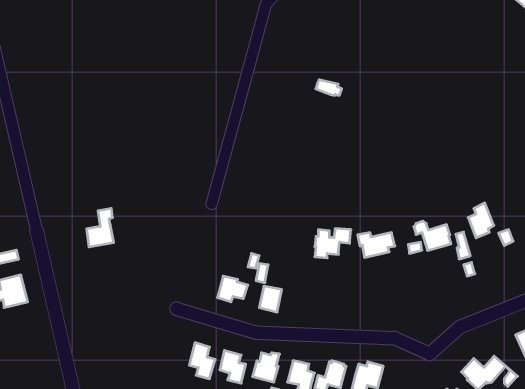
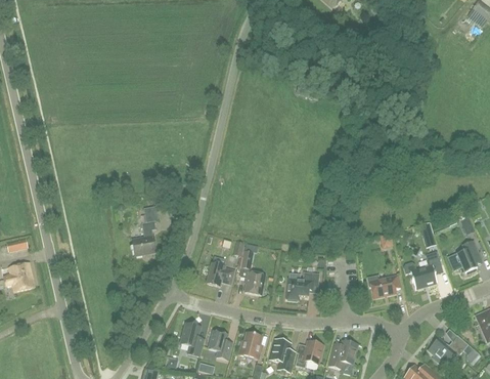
building: [468,203,494,238] -> [457,239,481,270]
building: [87,208,114,247] -> [132,219,157,254]
building: [414,221,451,250] -> [403,260,437,287]
building: [315,229,351,258] -> [286,270,319,297]
building: [358,233,395,257] -> [367,273,401,296]

